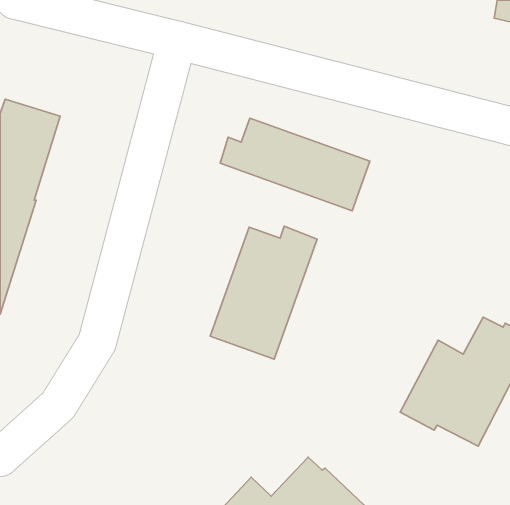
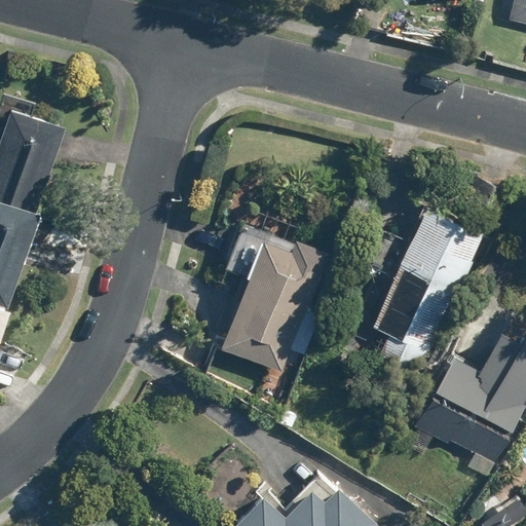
building: [220,118,370,211] -> none
building: none -> [371,204,481,372]

